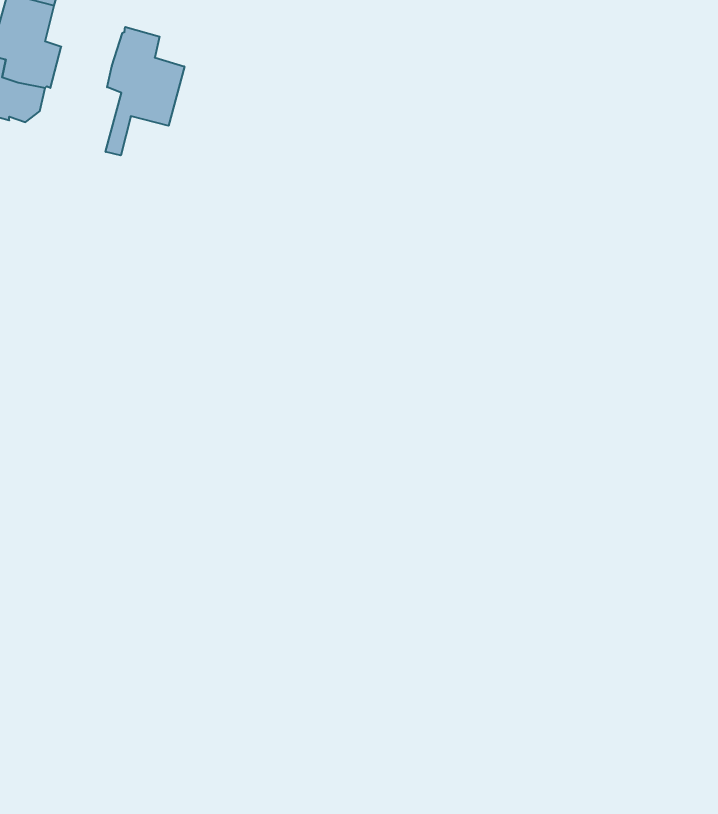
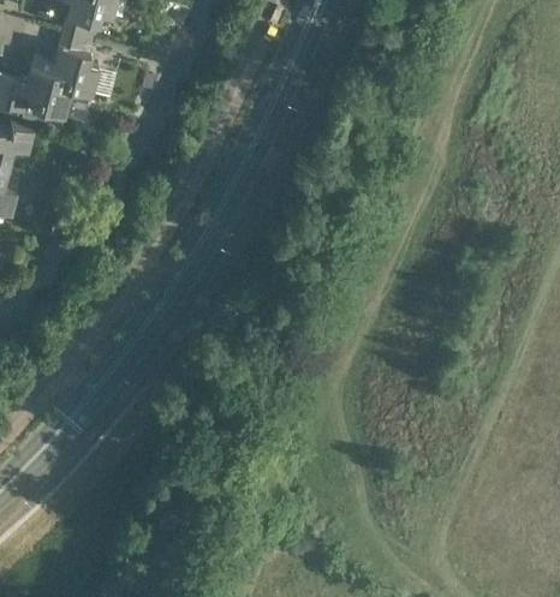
building: [106,27,184,155] -> none

